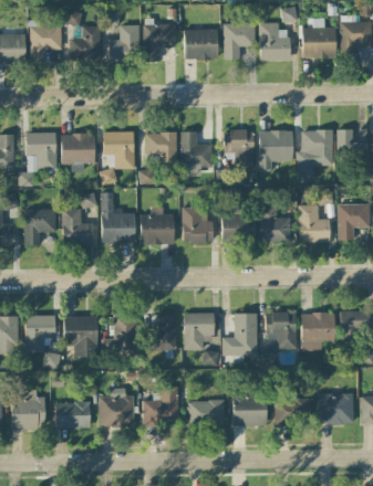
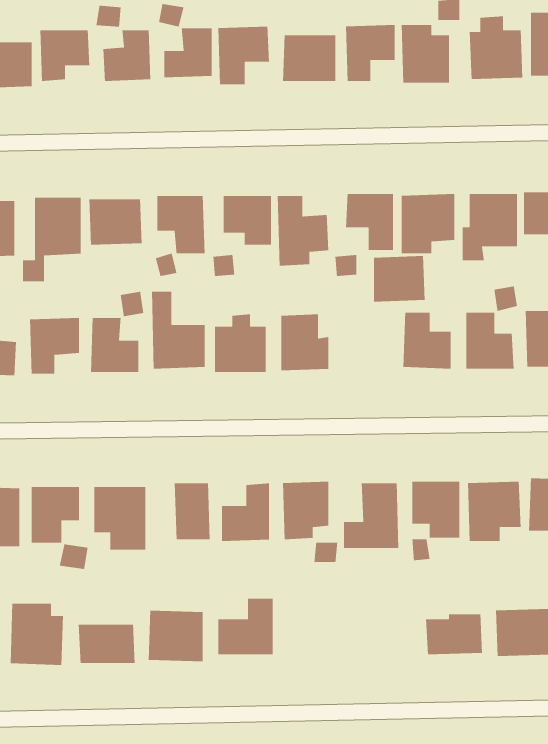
building: [222,213,256,243] -> [373,255,426,302]
building: [232,394,267,426] -> none
building: [189,400,225,425] -> none

